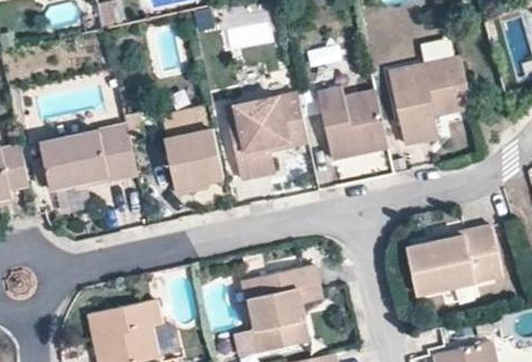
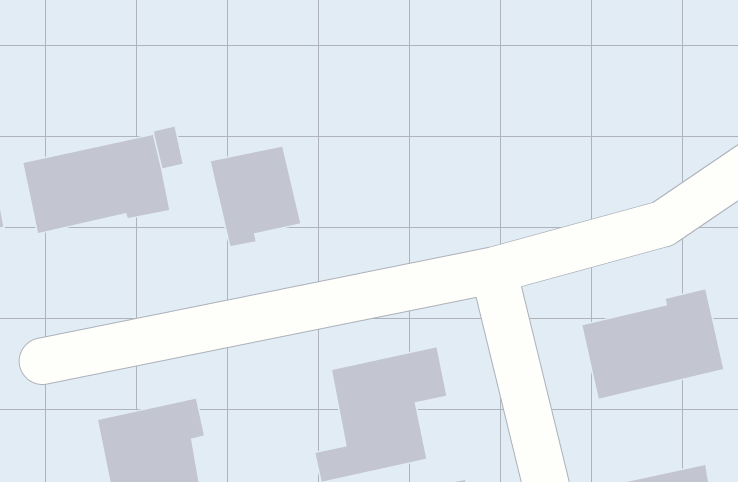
building: [388,56,470,142] -> none
building: [317,79,387,157] -> none
building: [228,94,308,178] -> none

